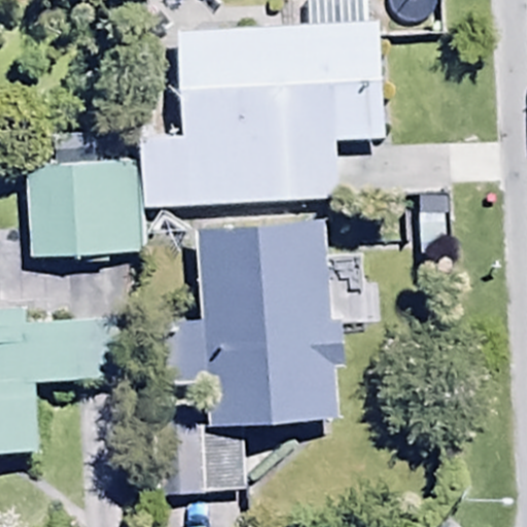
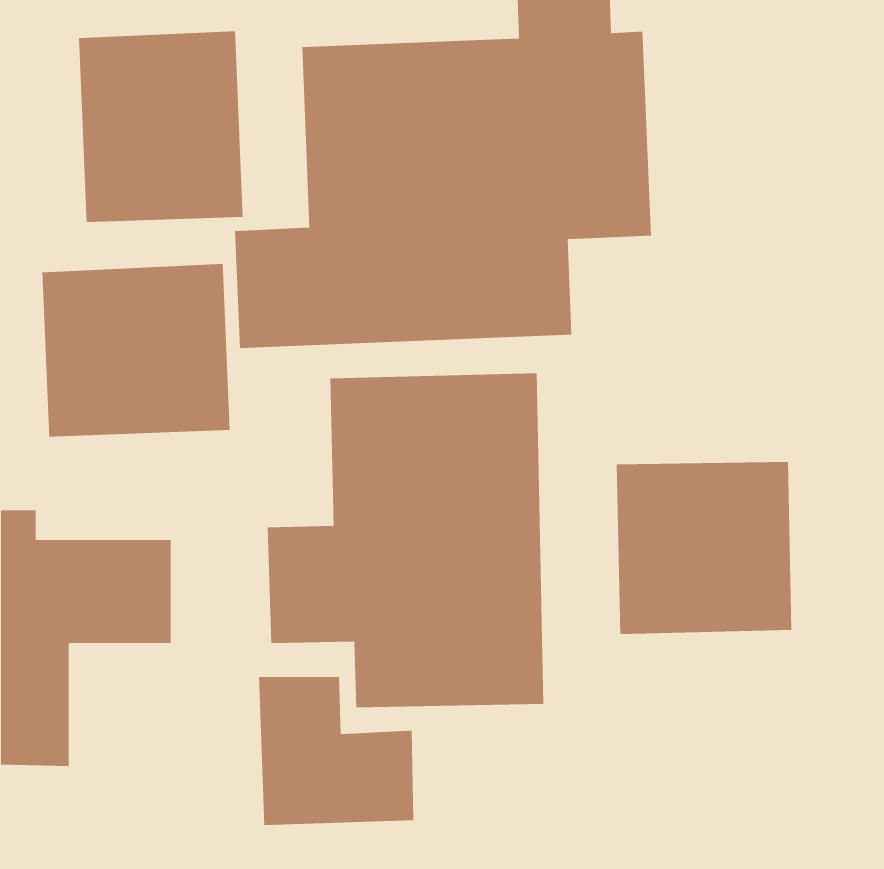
building: none -> [78,30,243,223]
building: none -> [616,461,792,635]

